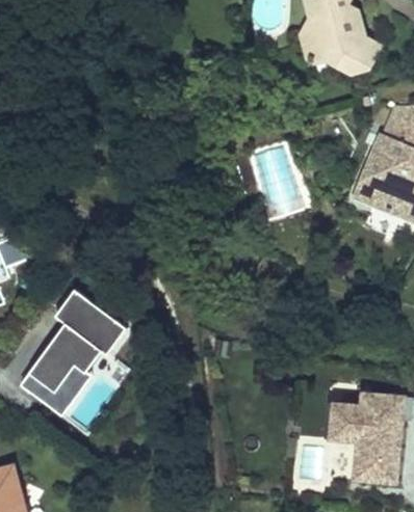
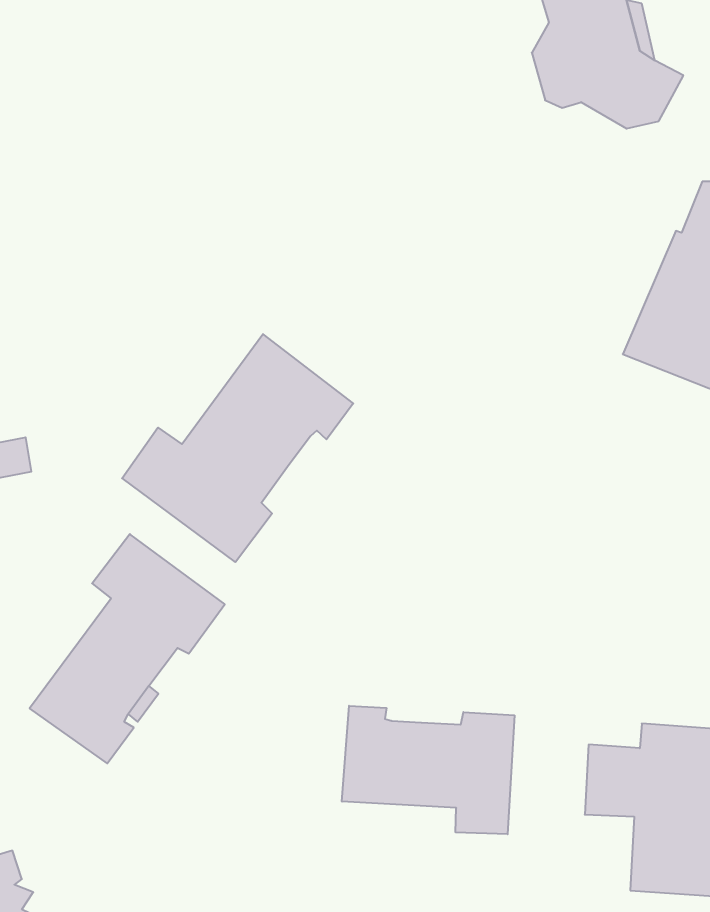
building: none -> [122,334,353,562]
building: none -> [342,706,514,834]

